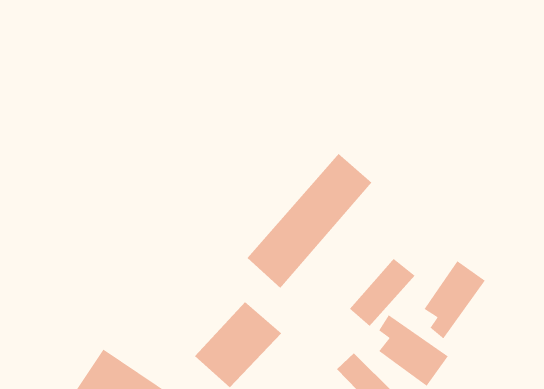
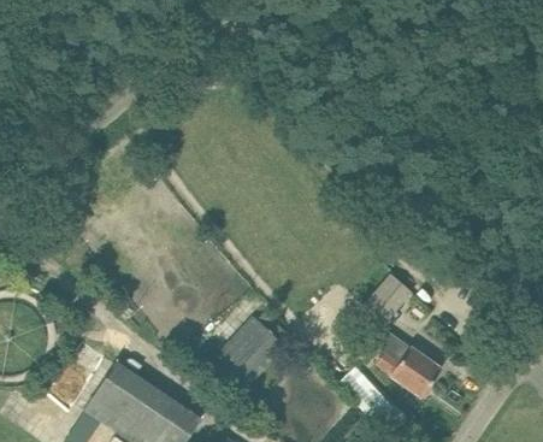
building: [247,153,372,289] -> none
building: [423,260,486,339] -> none

